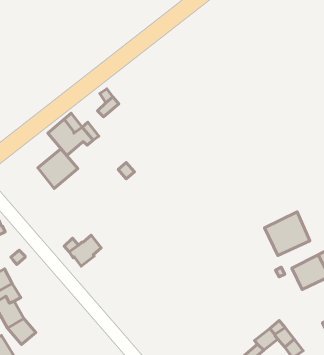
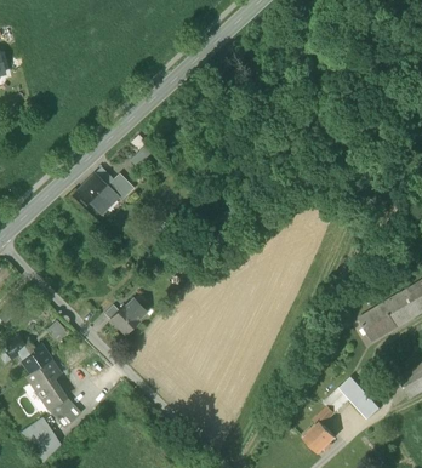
building: [38,149,78,189] -> none
building: [264,212,310,256] -> none

